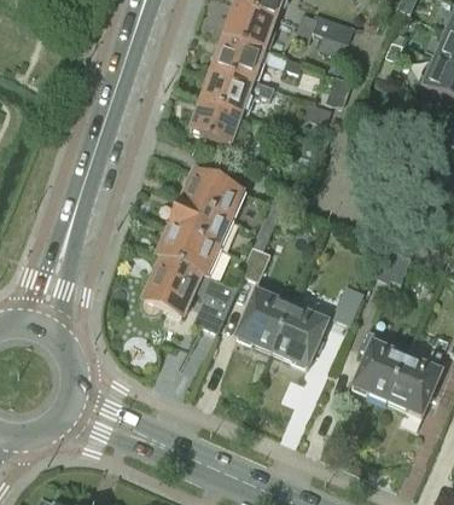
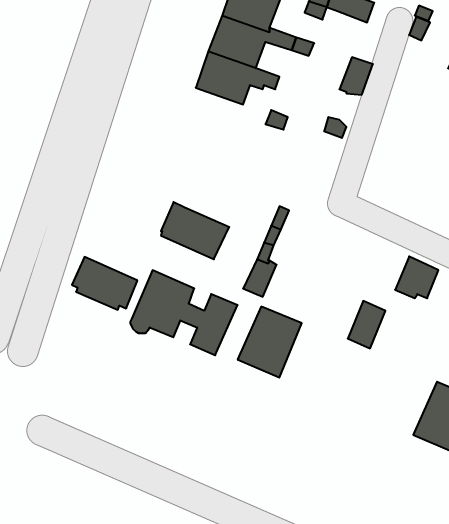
building: [190,100,241,145] -> none
building: [181,169,243,221] -> none
building: [159,228,216,274] -> [72,257,137,310]
building: [273,304,327,366] -> none
building: [353,330,409,401] -> none

